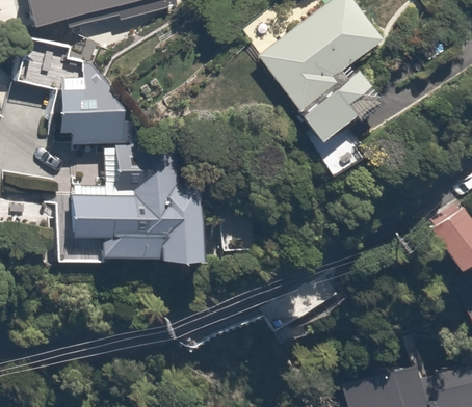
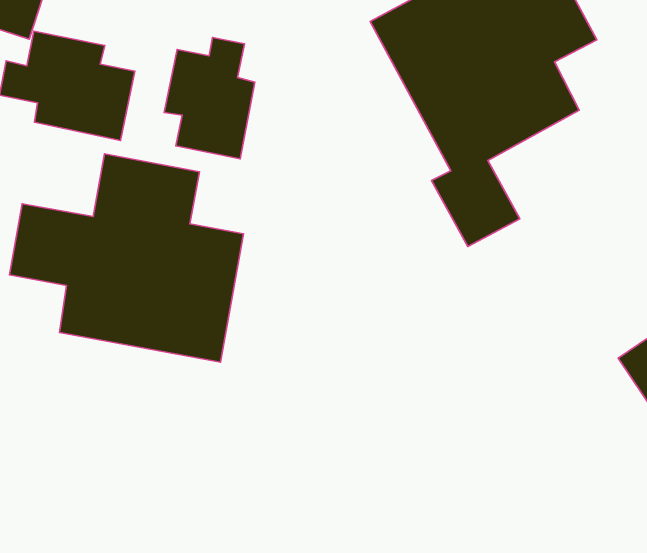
building: none -> [164,37,255,159]

